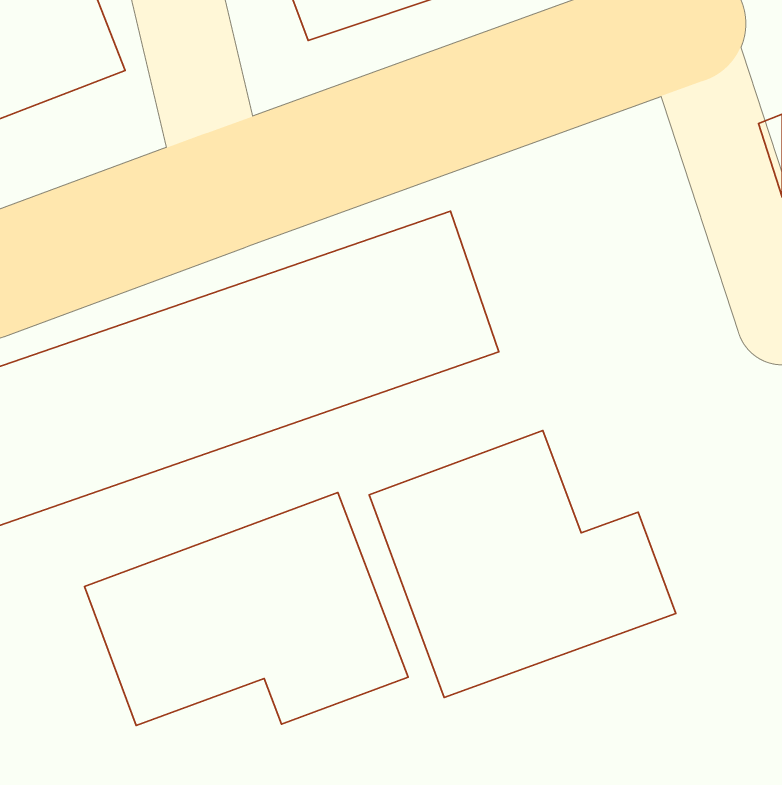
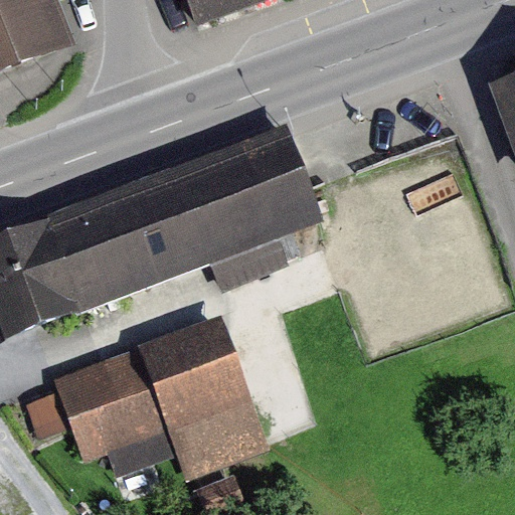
building: [369,431,676,698] -> none

